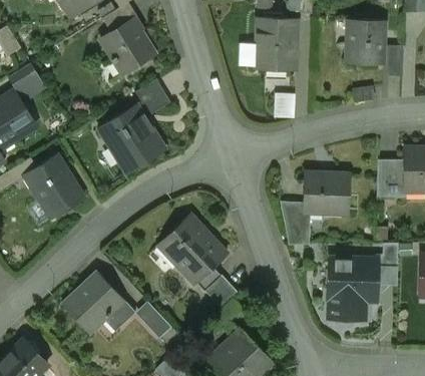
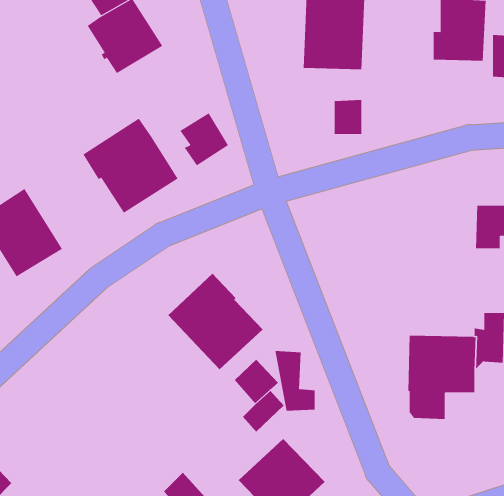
building: [134,79,169,117] -> [179,113,229,166]
building: [303,173,349,214] -> none
building: [280,202,309,245] -> [275,351,315,411]
building: [61,273,135,334] -> none
building: [138,305,170,338] -> none

